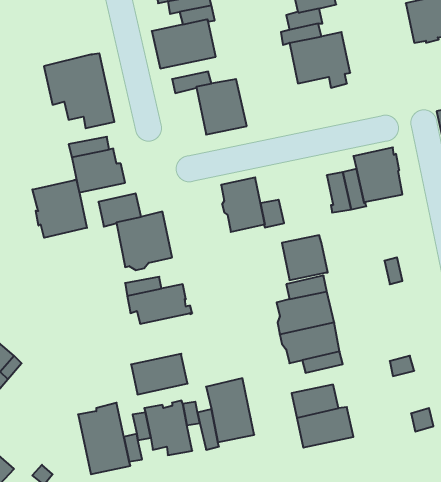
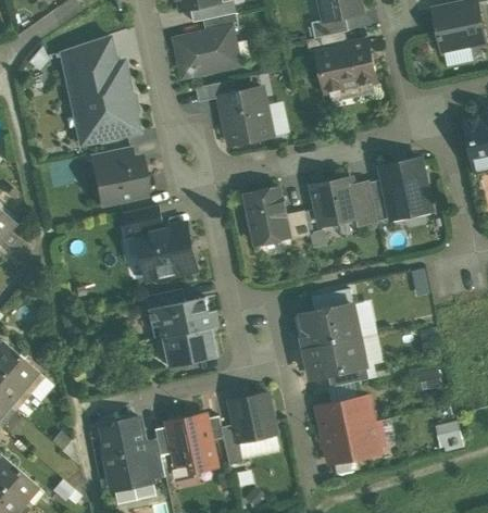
building: none -> [60,36,112,75]
building: [32,179,87,238] -> none
building: [282,235,328,280] -> [312,178,359,224]
building: [131,354,188,394] -> [162,326,220,367]

